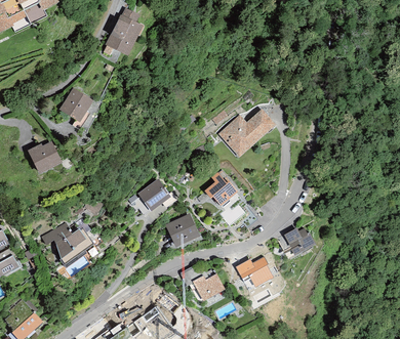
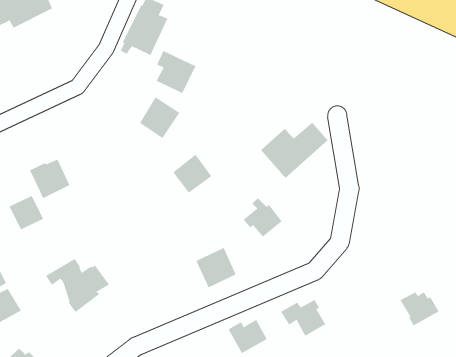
building: none -> [156,50,196,94]
building: [59,87,93,122] -> [139,97,180,139]
building: none -> [9,195,44,230]
building: [137,178,170,211] -> [172,154,212,194]
building: [283,227,316,256] -> [400,292,439,326]

